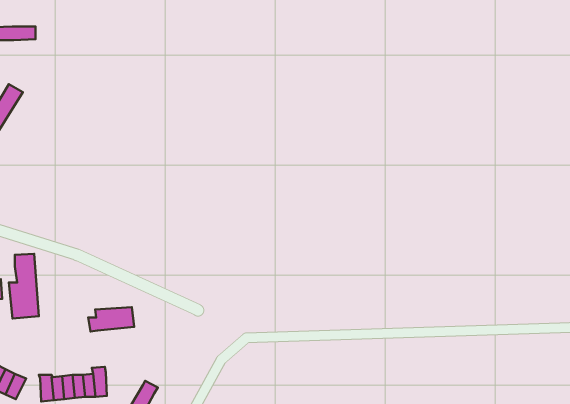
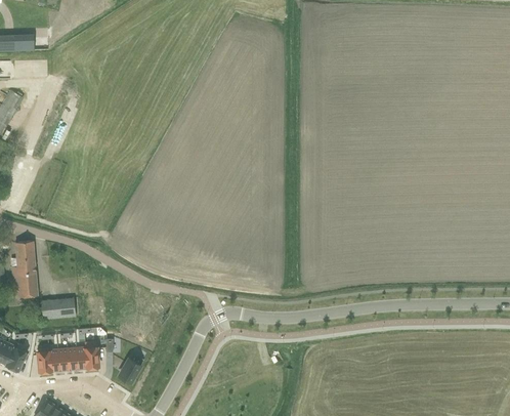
building: [88,307,134,332] -> [35,298,76,320]

